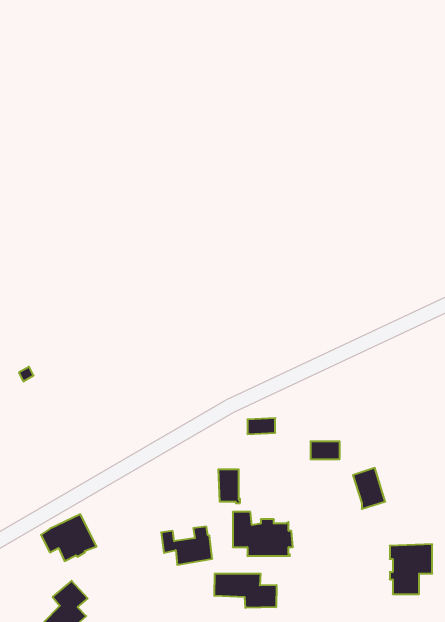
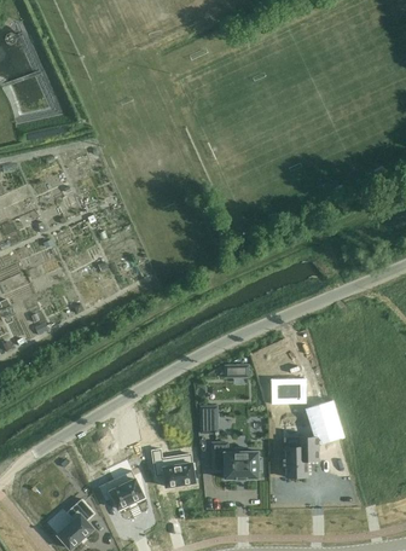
building: [41,514,97,561] -> [97,470,143,509]
building: [390,544,432,594] -> [283,436,318,477]
building: [214,574,276,608] -> none

